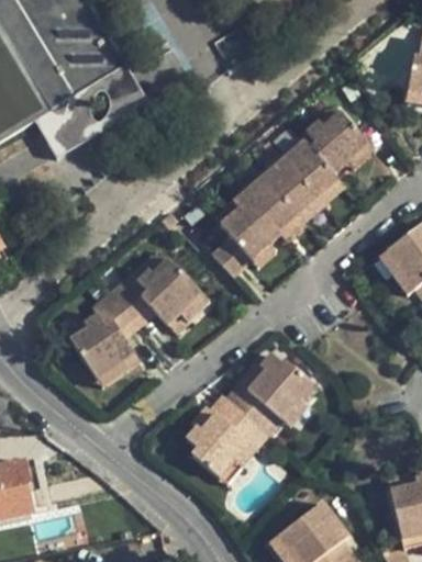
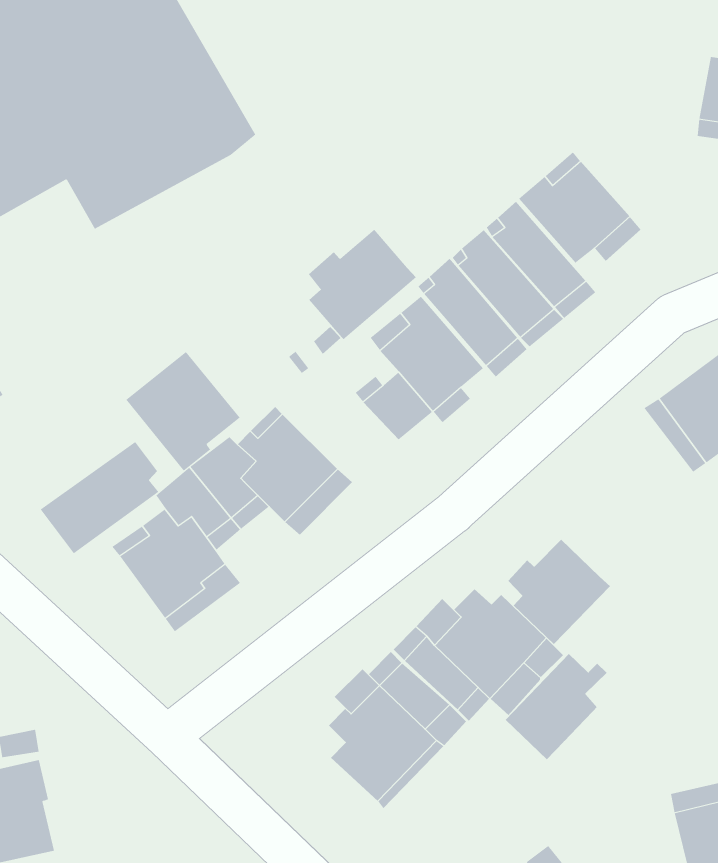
building: none -> [308,229,417,340]
building: none -> [125,351,241,471]
building: none -> [40,441,159,554]
building: none -> [507,539,611,645]
building: none -> [505,653,608,760]

